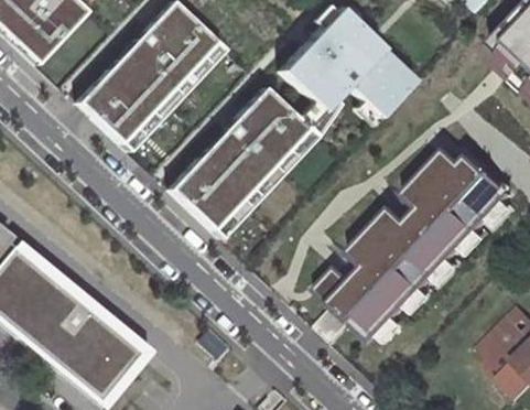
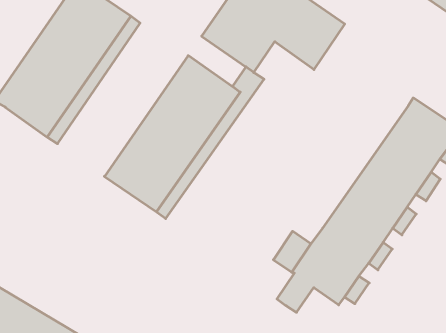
building: [354,147,468,266] -> none

